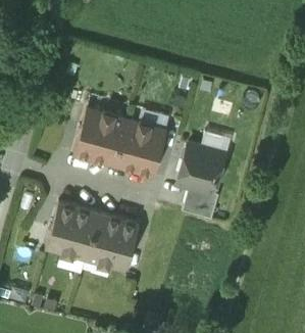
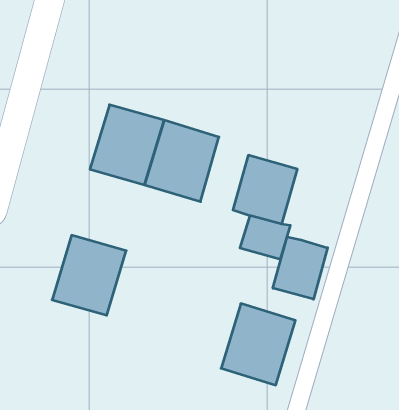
building: none -> [273,237,328,299]
building: [85,211,139,271] -> [221,304,295,385]

